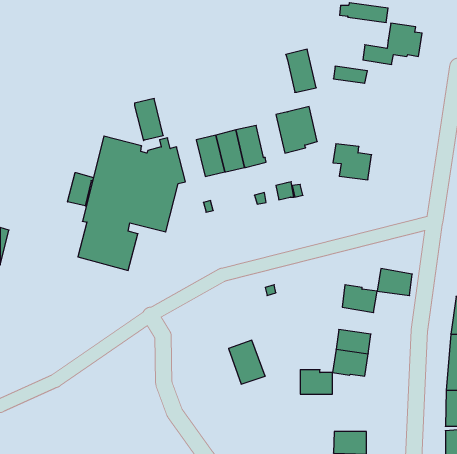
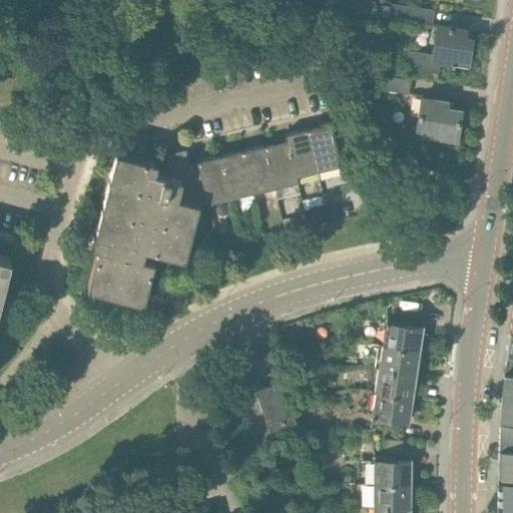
building: [286,49,316,92] -> [286,132,320,180]
building: [135,99,163,141] -> [198,160,230,207]
building: [333,144,372,180] -> [419,102,462,142]
building: [68,173,93,206] -> none
building: [377,269,412,296] -> [380,348,419,378]
building: [300,370,332,394] -> [375,460,411,487]

